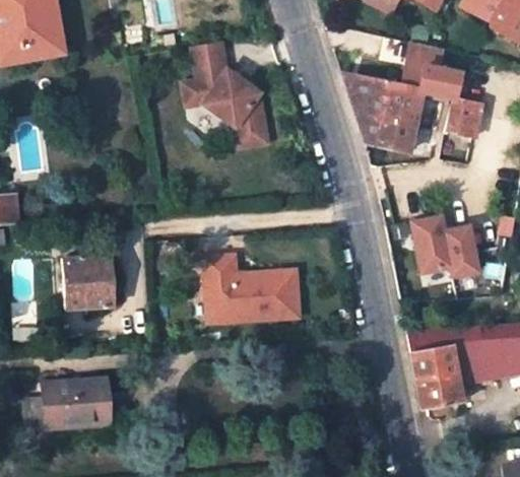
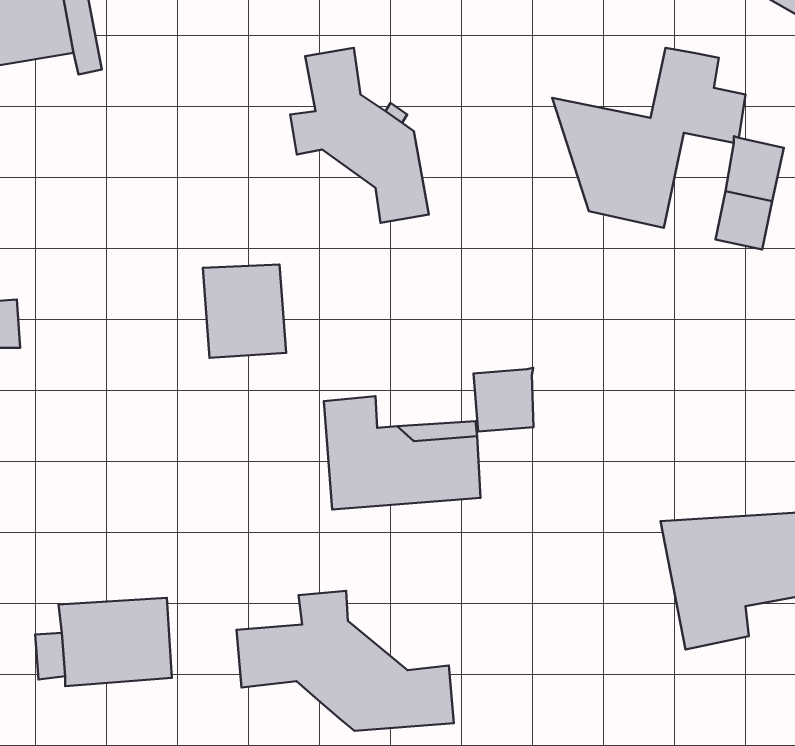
building: [411,213,481,278] -> none
building: none -> [473,368,533,431]
building: [62,255,113,312] -> [203,264,286,358]
building: none -> [236,591,454,731]

